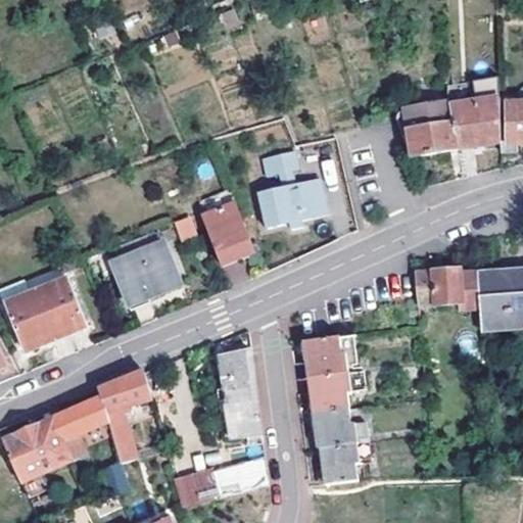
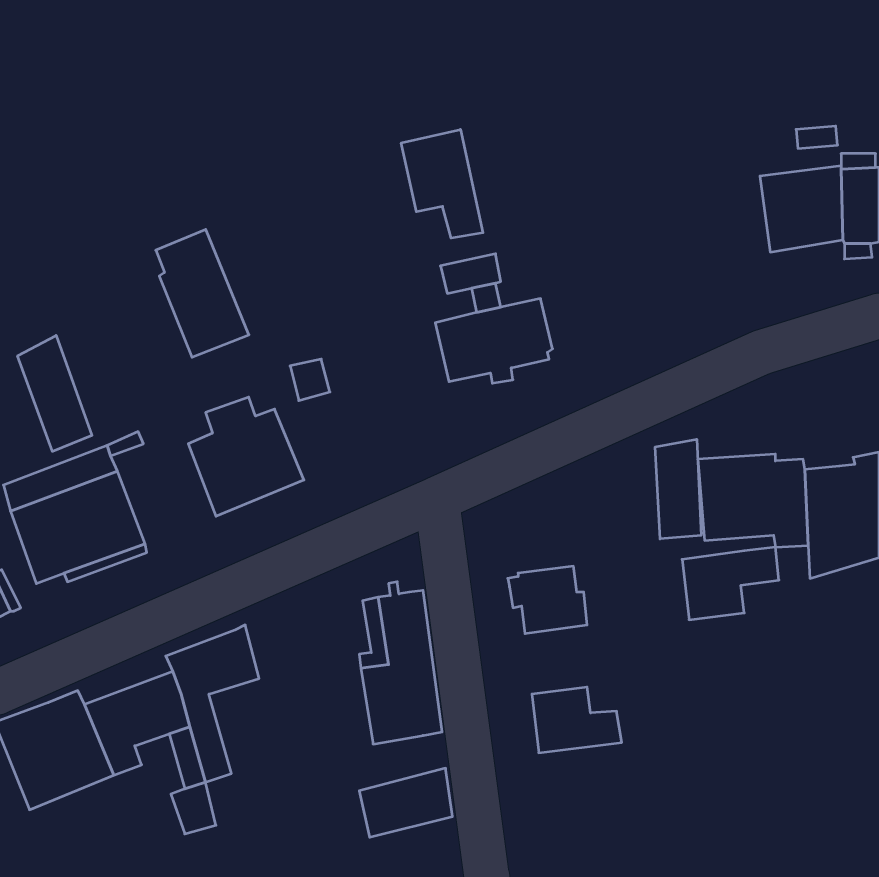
building: none -> [401,129,483,238]
building: [399,104,456,156] -> none
building: [199,187,254,263] -> [156,229,249,357]
building: none -> [18,335,92,451]
building: none -> [655,439,701,539]
building: [311,368,368,411] -> [682,547,779,620]
building: [319,439,370,482] -> none
building: [173,468,219,506] -> none

